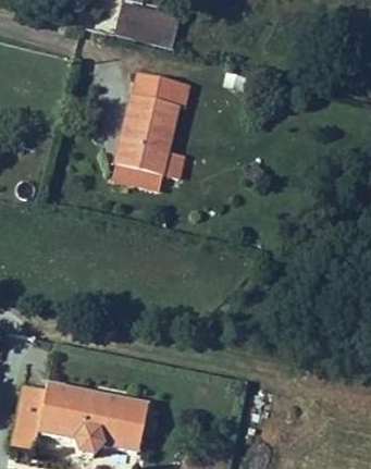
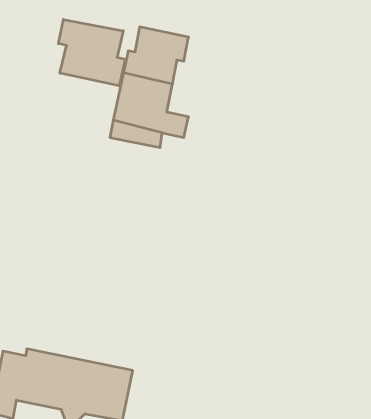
building: none -> [58,19,125,86]

